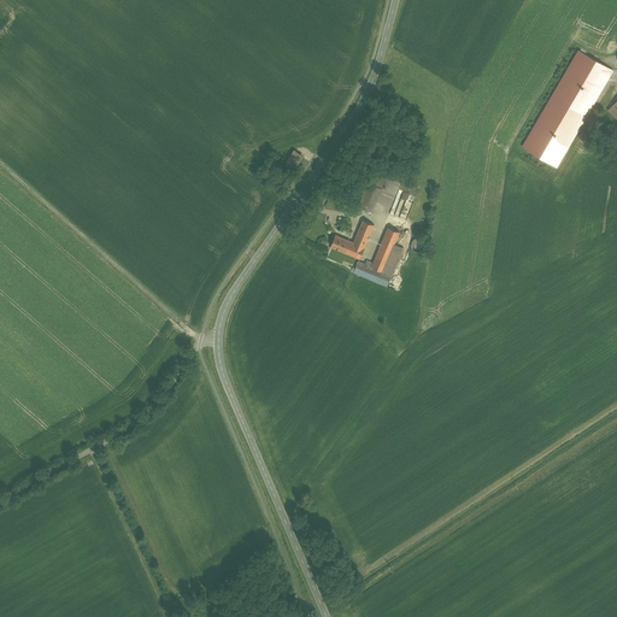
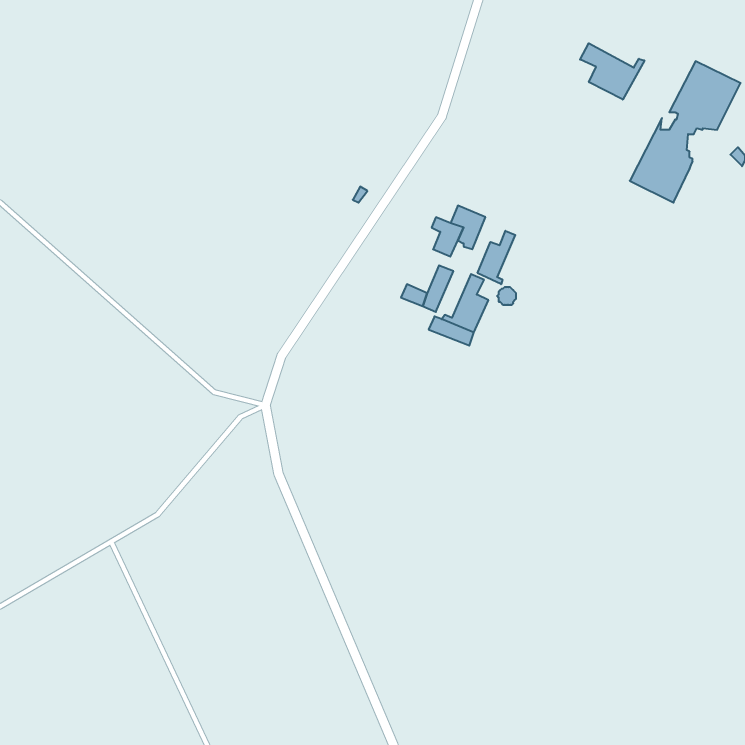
building: none -> [580,43,644,100]
building: none -> [478,231,515,284]

